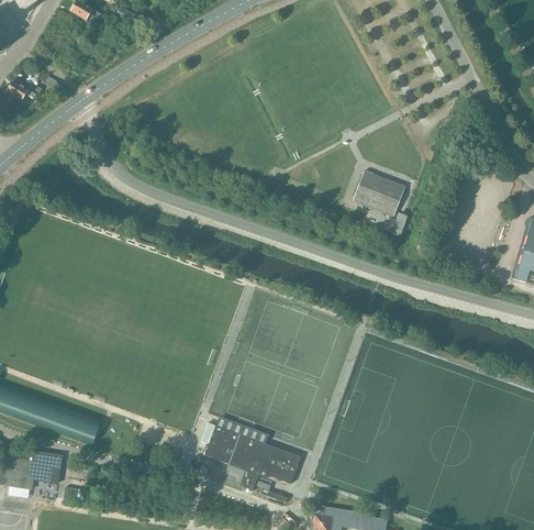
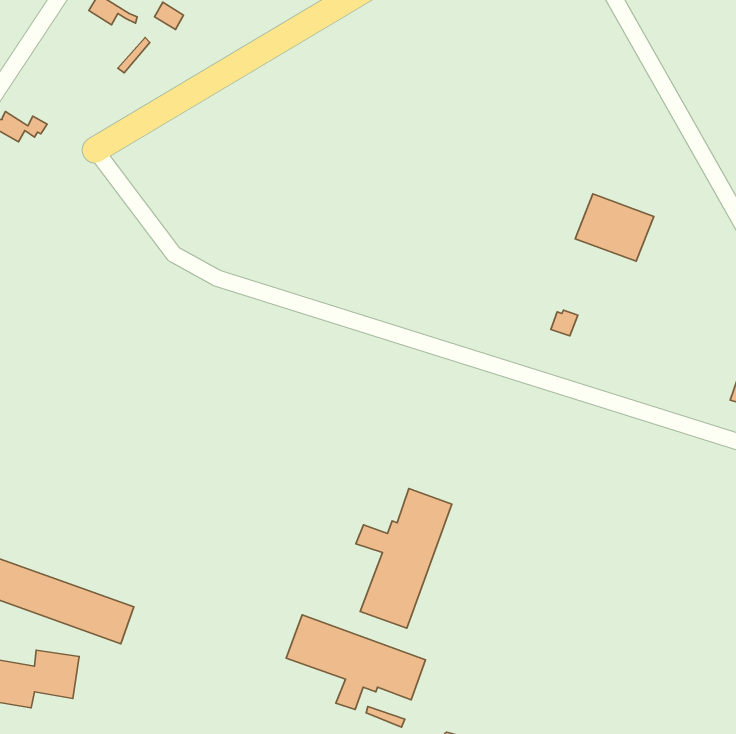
building: [352,170,405,217] -> [575,194,654,261]
building: none -> [356,489,452,628]

